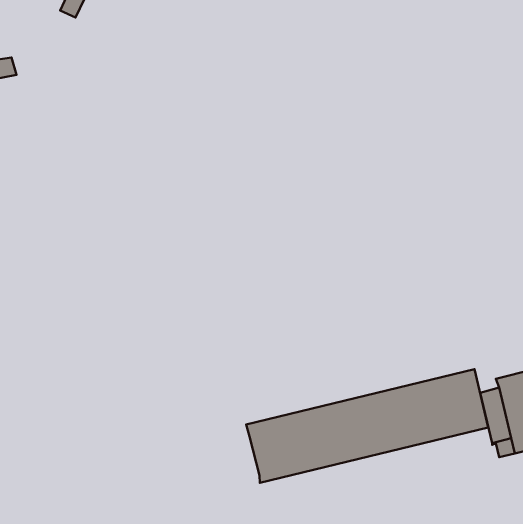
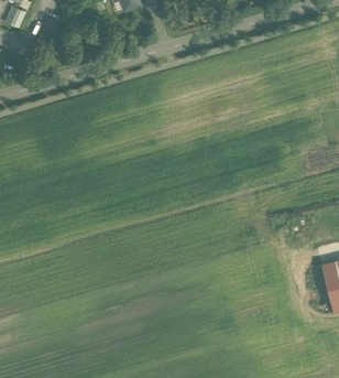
building: [246,369,488,483] -> none

